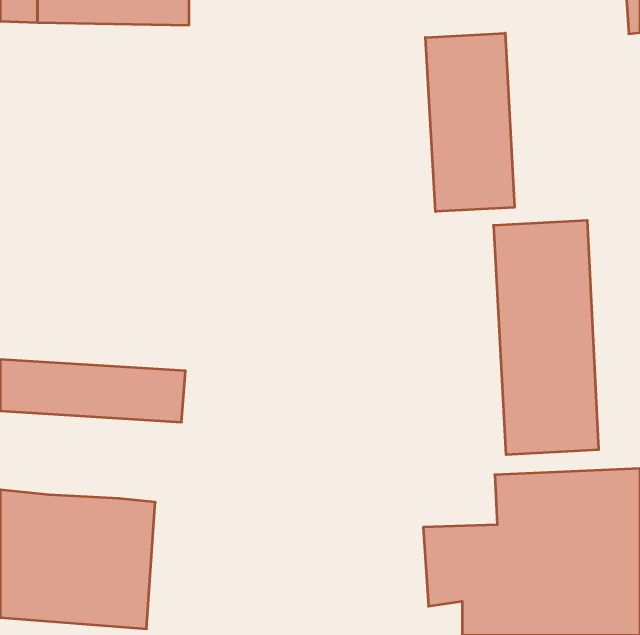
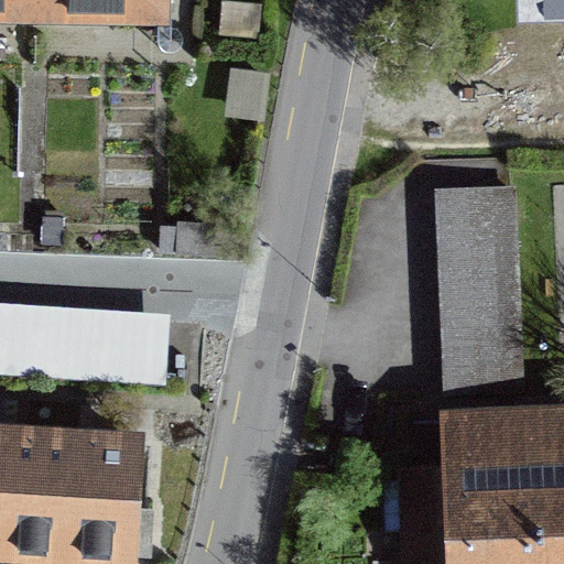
building: [425,33,514,212] -> none

